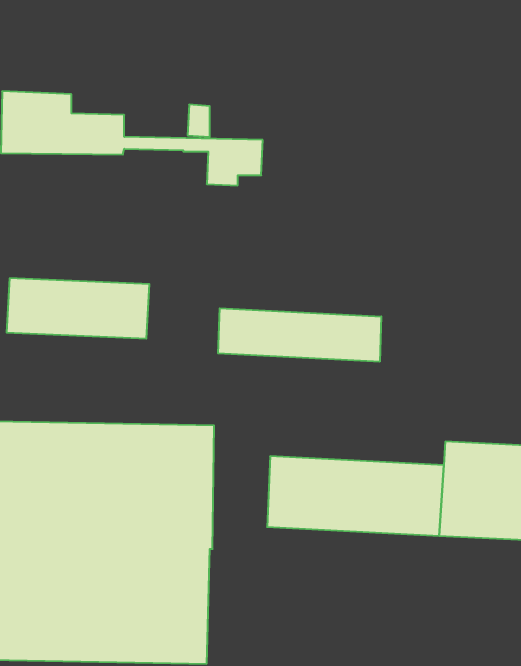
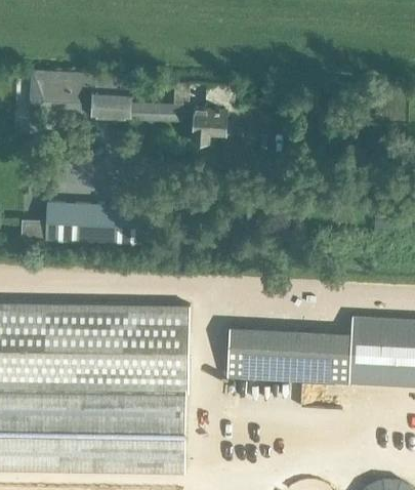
building: [218,308,381,362] -> none

